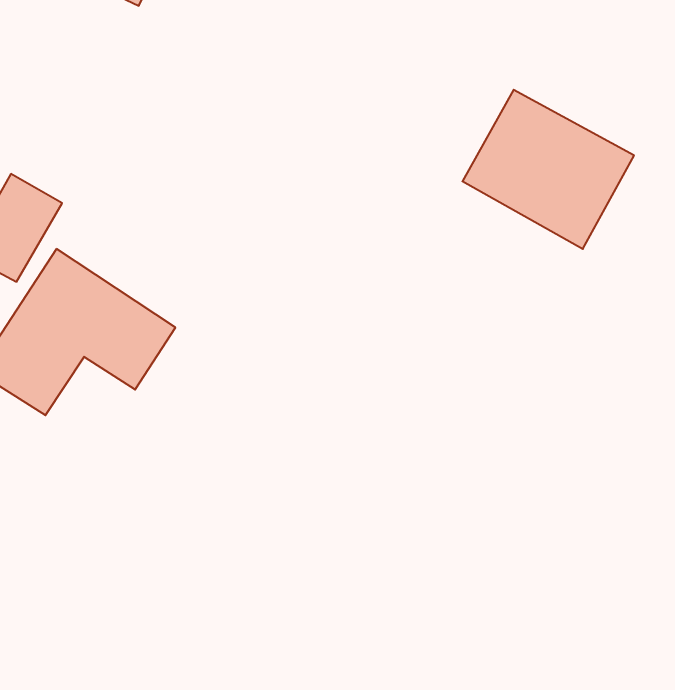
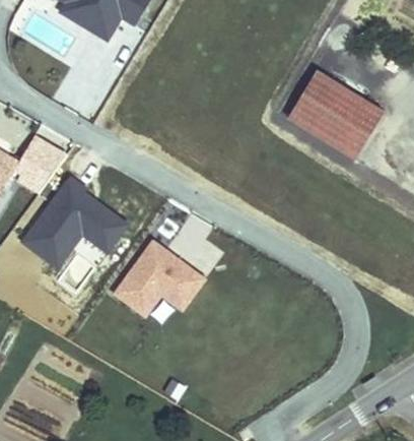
building: none -> [111,237,207,317]

